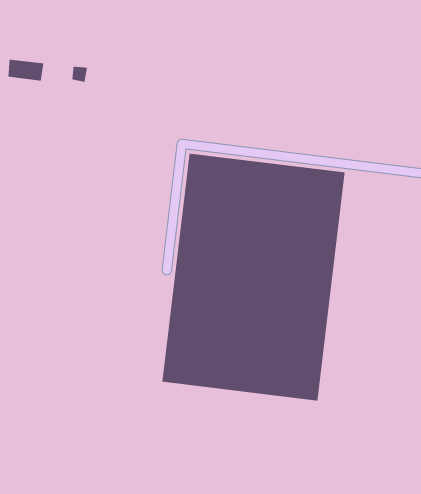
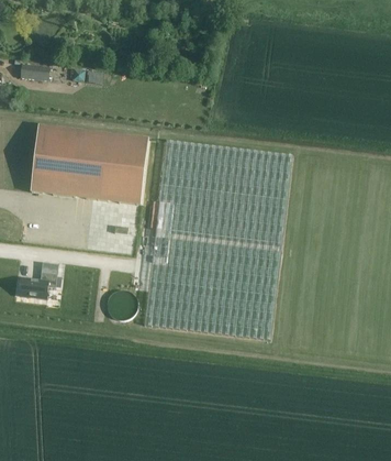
building: none -> [29,123,147,204]
building: none -> [18,271,55,297]

